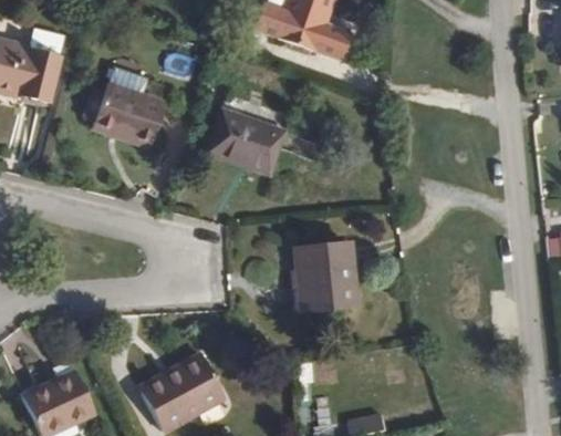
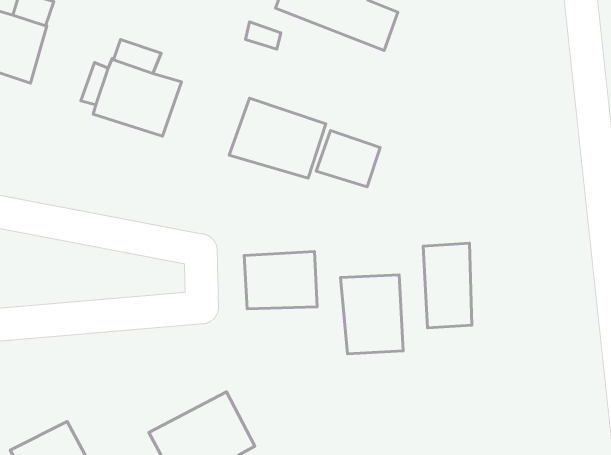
building: none -> [316,131,380,187]
building: none -> [423,243,472,328]
building: none -> [244,252,317,309]

